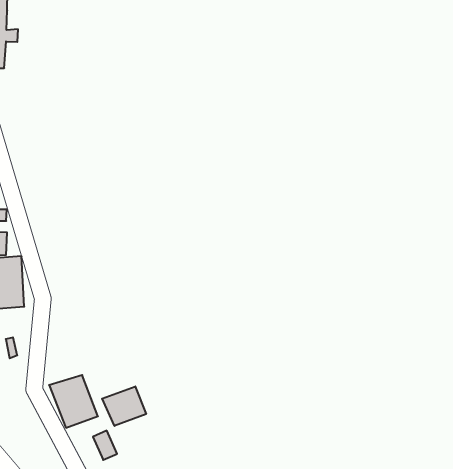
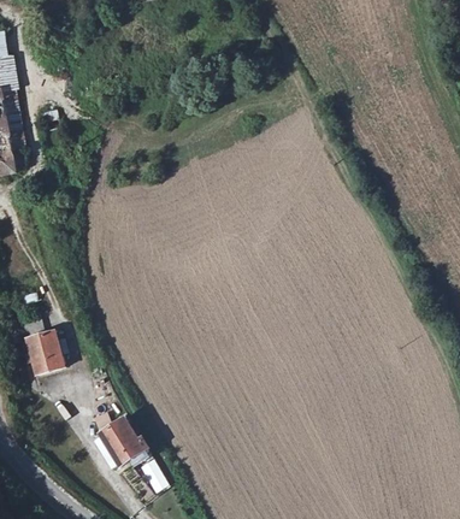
building: [102,386,146,426] -> none

